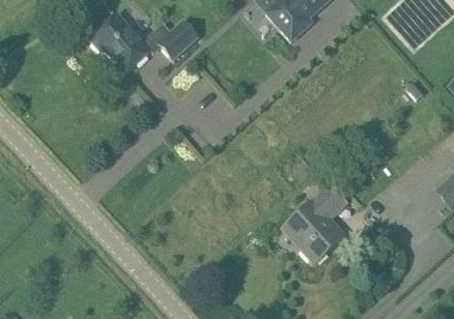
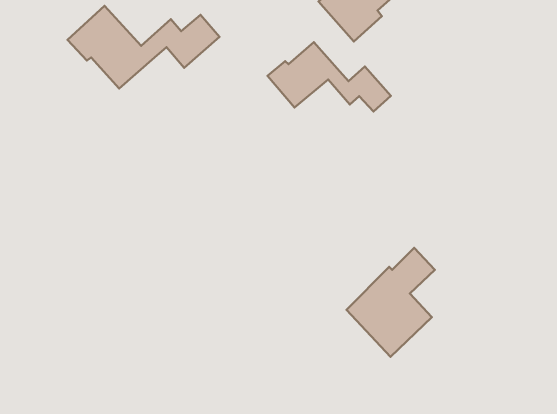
building: none -> [268,42,391,112]

